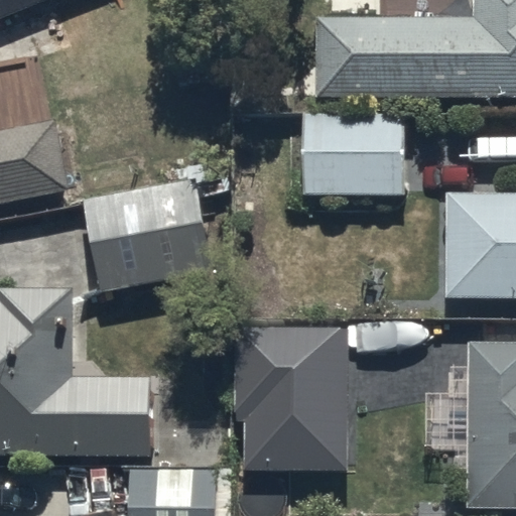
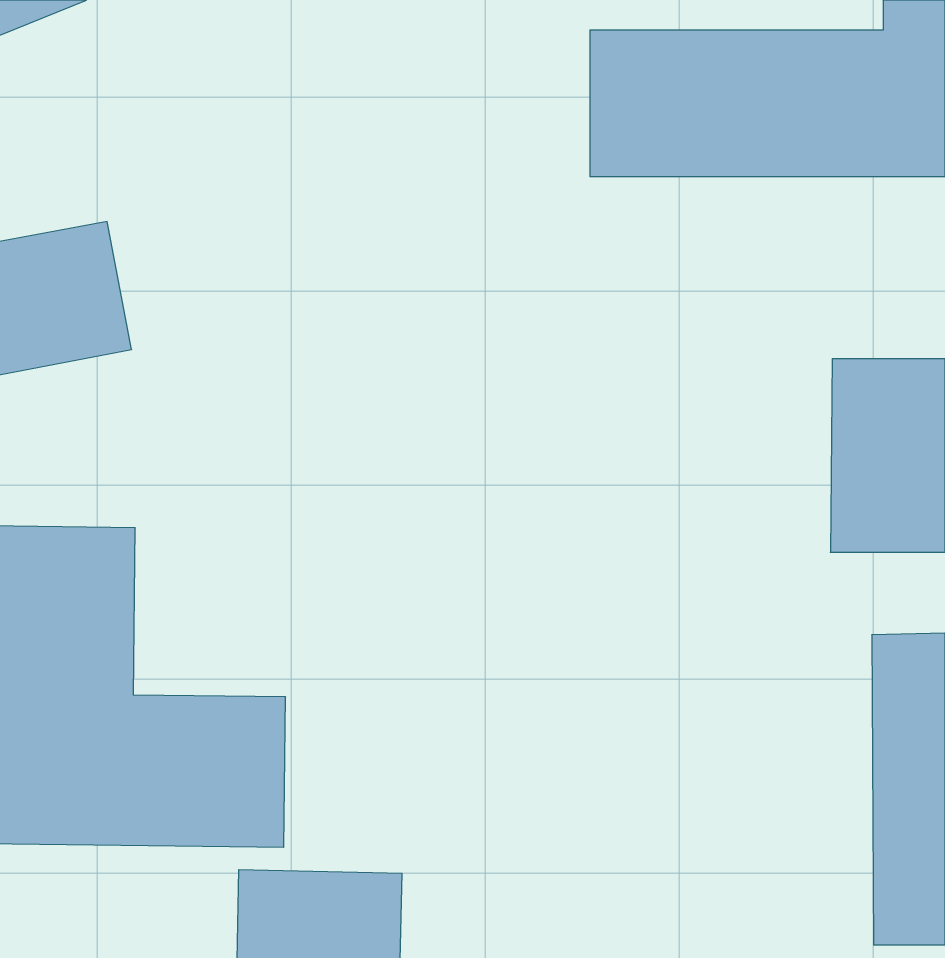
building: [299,113,405,196] -> none
building: [81,176,212,292] -> none
building: [235,325,350,472] -> none

